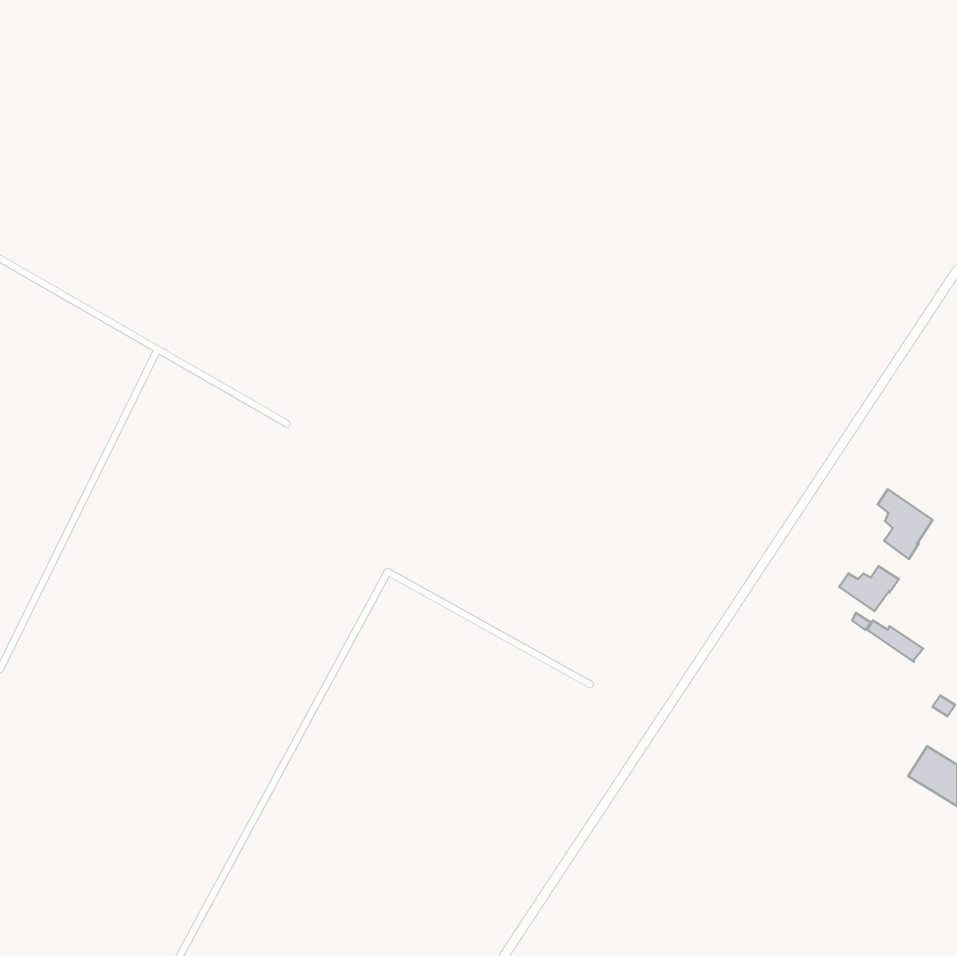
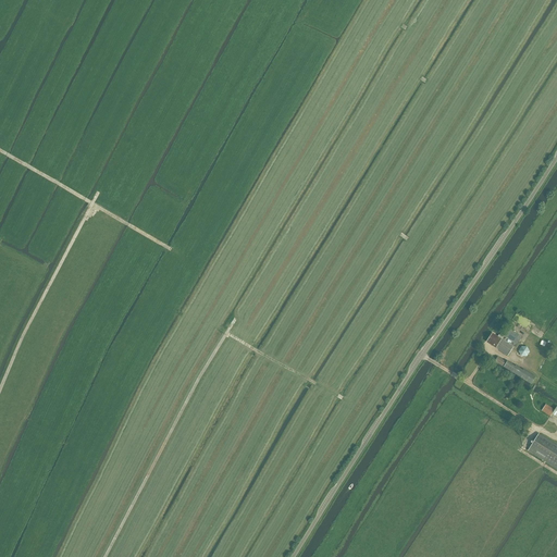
building: [878,489,932,559] -> none

